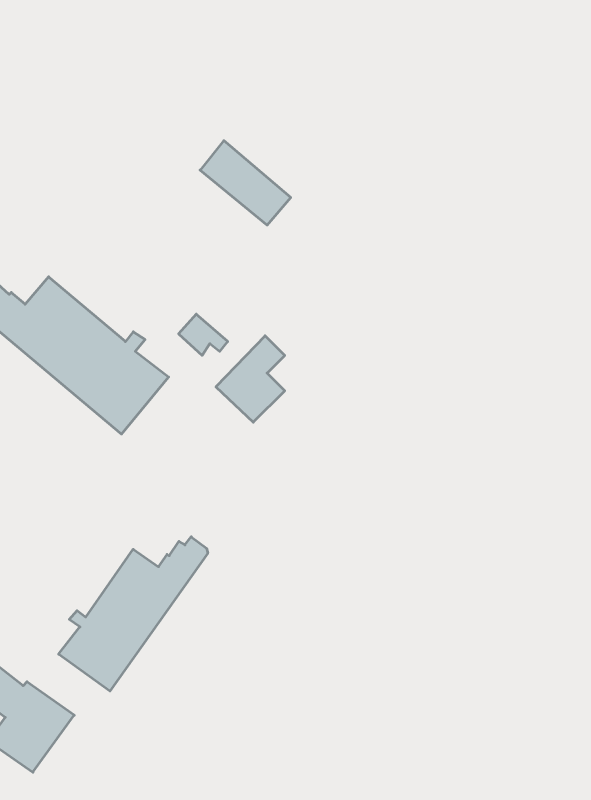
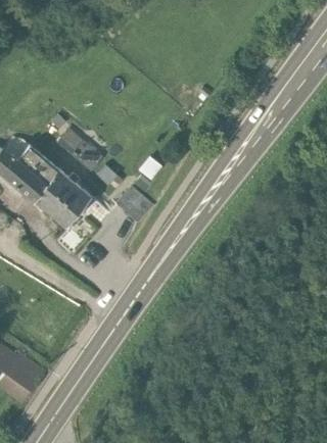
building: [200,141,291,225] -> [55,127,102,170]
building: [59,537,208,691] -> none

